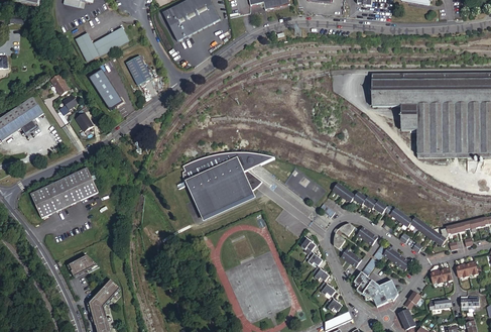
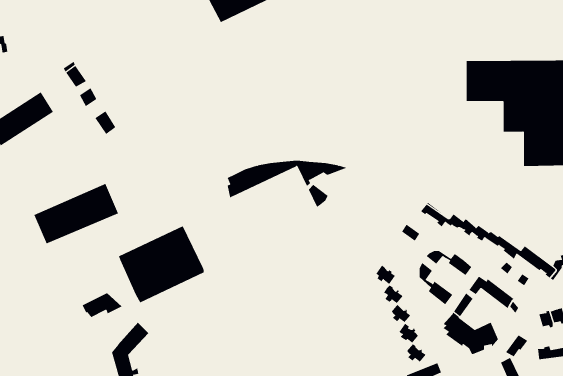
building: [76,29,128,62] -> none
building: [125,56,151,86] -> none
building: [89,69,122,110] -> none
building: [186,156,254,218] -> [118,226,205,303]

